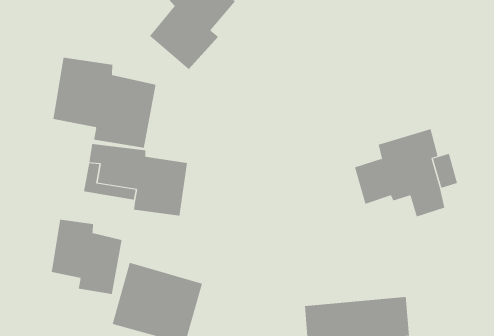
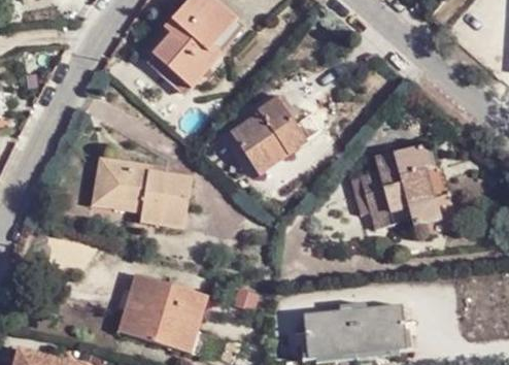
building: [53,57,156,148] -> none
building: none -> [231,95,306,173]
building: [51,219,122,295] -> none

